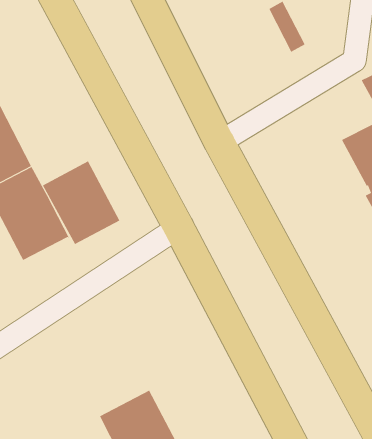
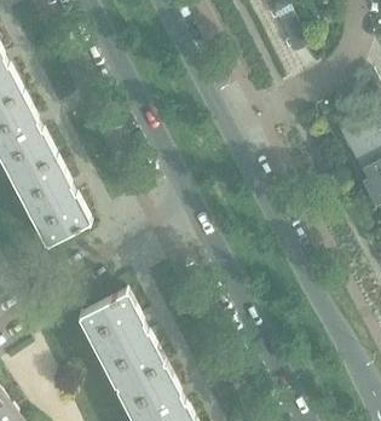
building: [42,160,120,245] -> none
building: none -> [79,288,163,385]

